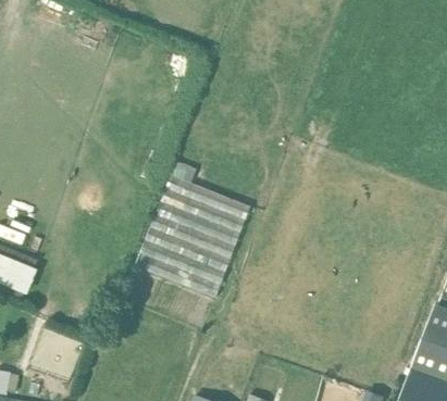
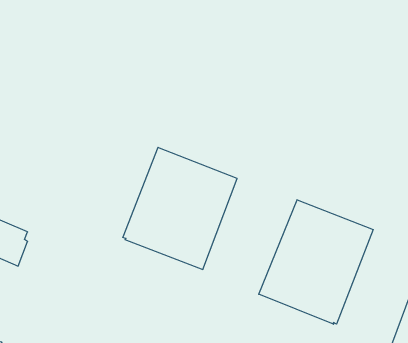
building: none -> [259,200,373,324]

